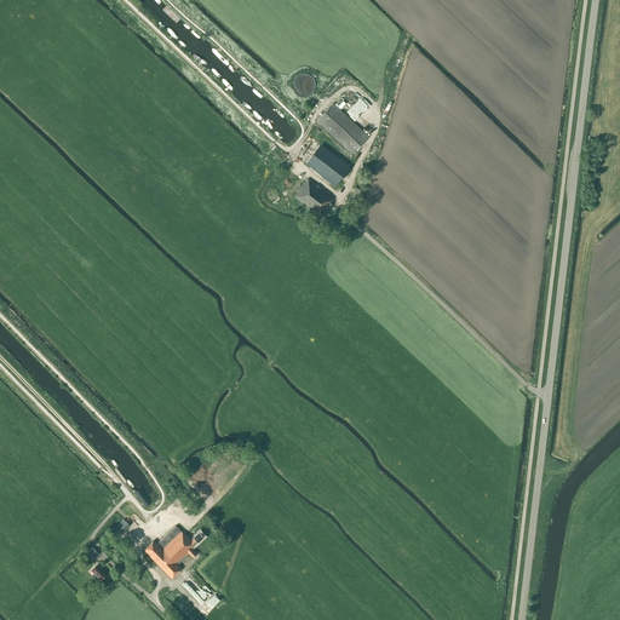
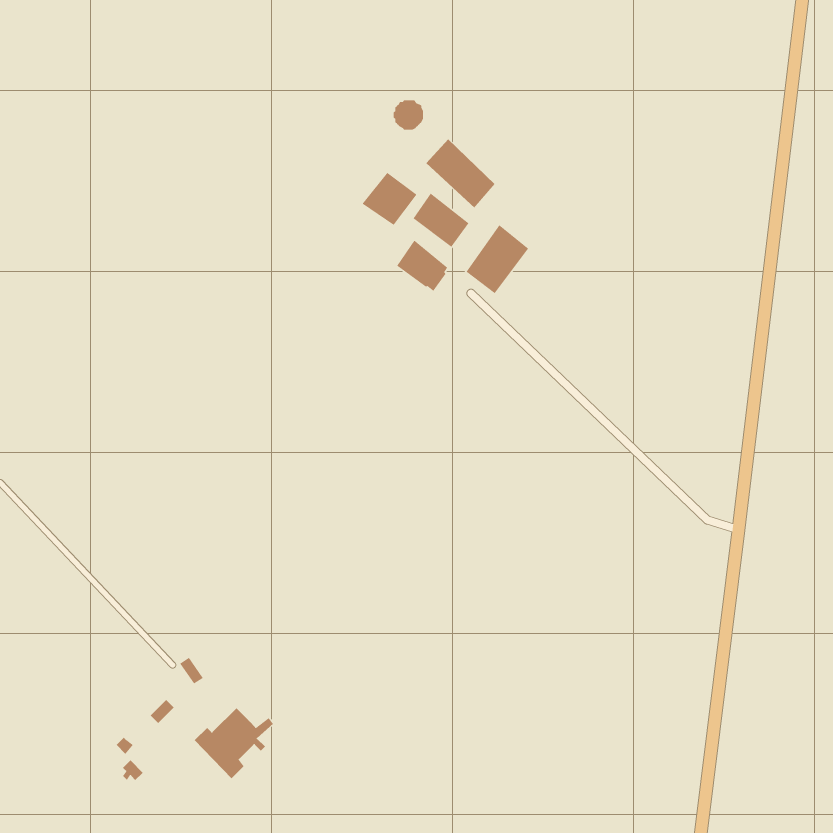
building: none -> [362,172,418,226]
building: none -> [466,224,529,294]

